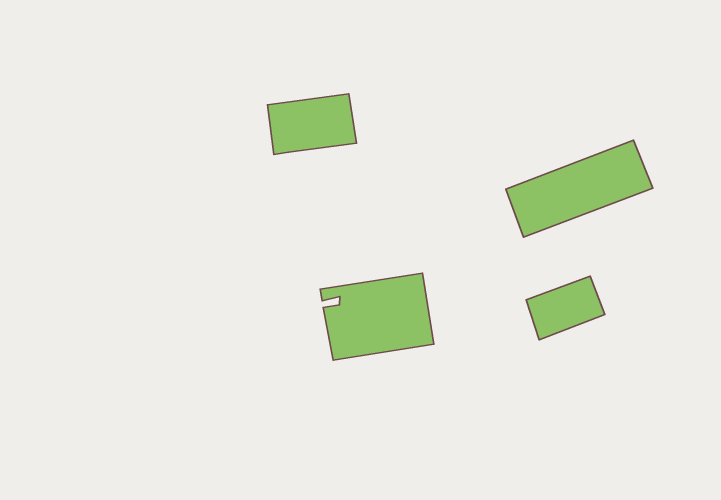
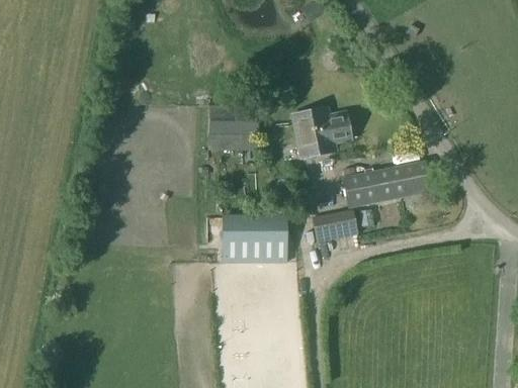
building: none -> [295,107,358,161]
building: [526,276,605,340] -> [311,209,356,243]

